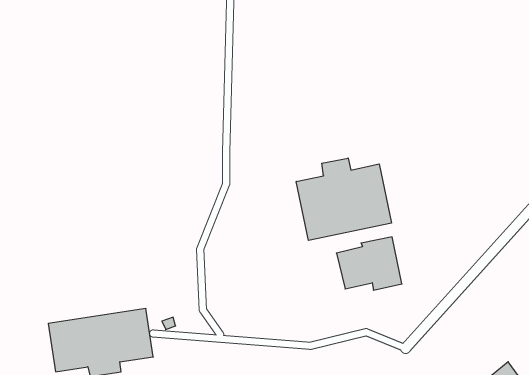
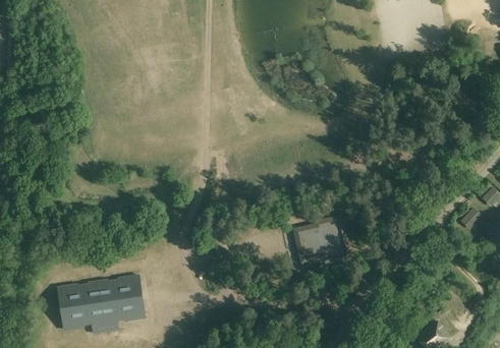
building: [296,158,391,240] -> none

